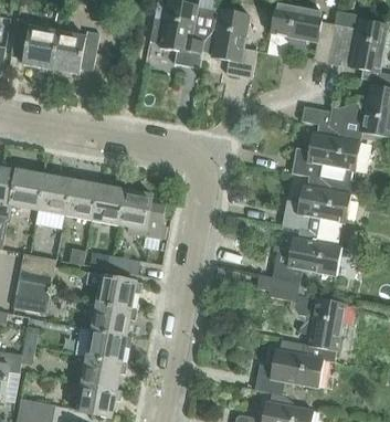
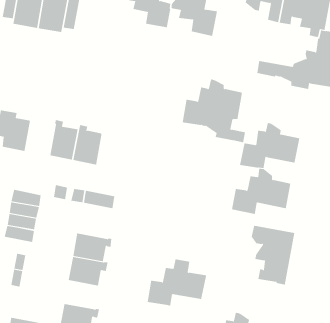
building: [291,124,363,197] -> [182,79,246,143]
building: [36,169,71,214] -> none
building: [118,184,166,238] -> none
building: [256,274,299,302] -> none
building: [95,275,141,309] -> none
building: [254,340,323,394] -> [147,259,207,306]
building: [81,357,126,390] -> none

